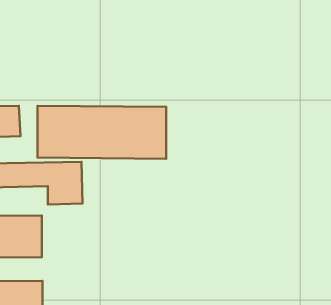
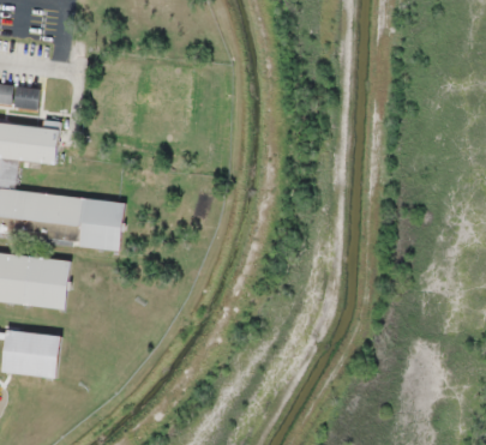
building: [37,106,166,159] -> none

